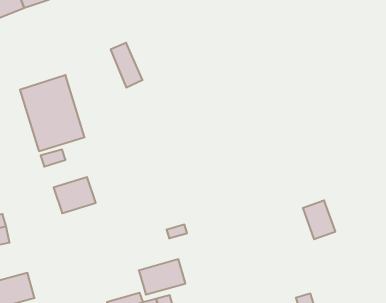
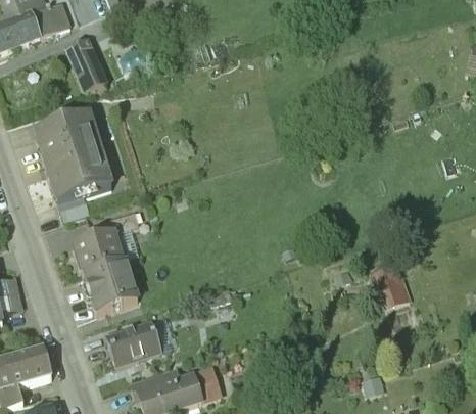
building: [111,43,143,88] -> [67,39,105,92]
building: none -> [84,263,140,315]
building: [139,259,185,295] -> [107,326,162,368]

